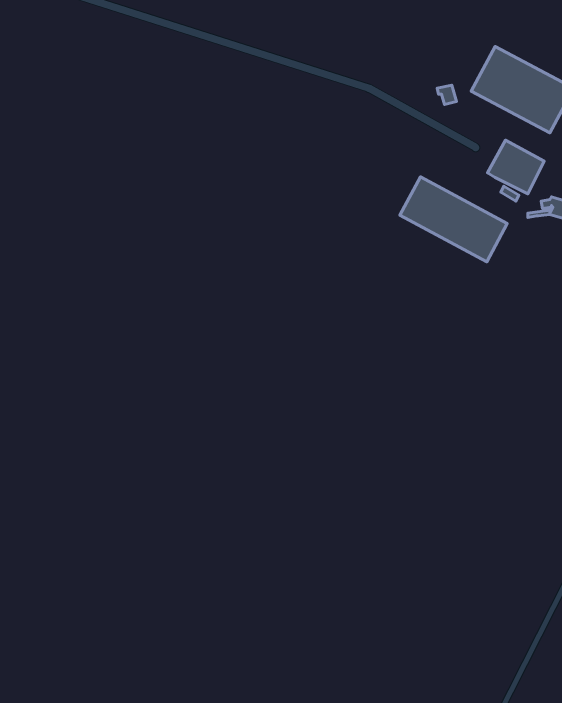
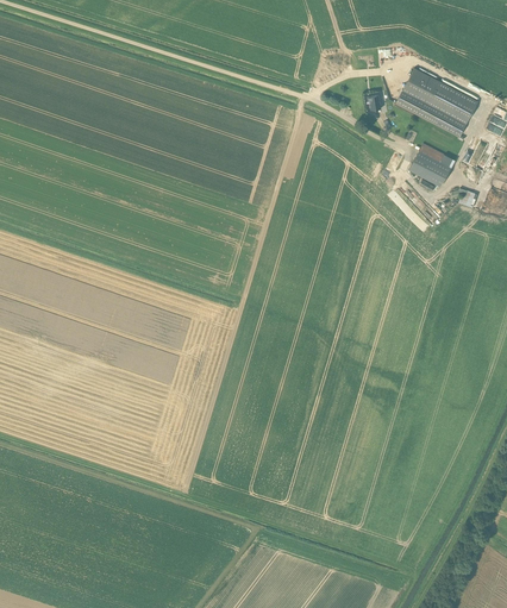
building: [400,177,507,262] -> none

